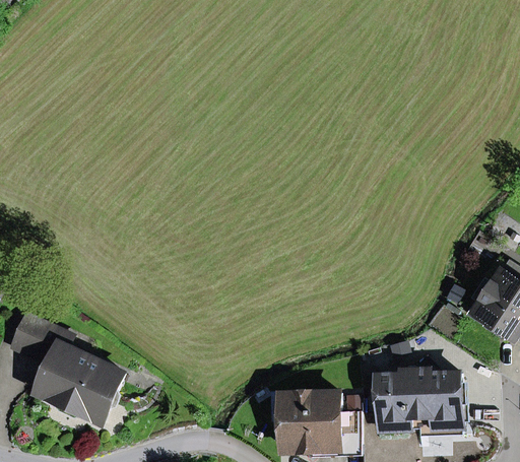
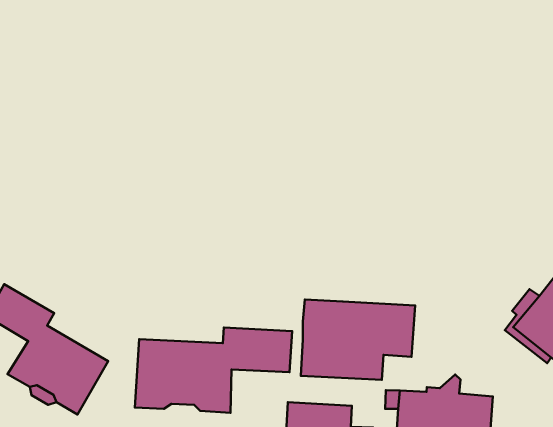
building: none -> [301,299,415,380]
building: none -> [135,328,292,413]

